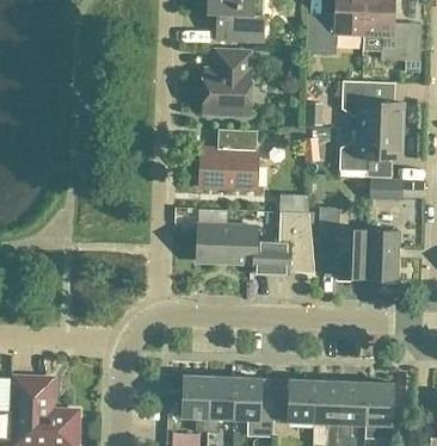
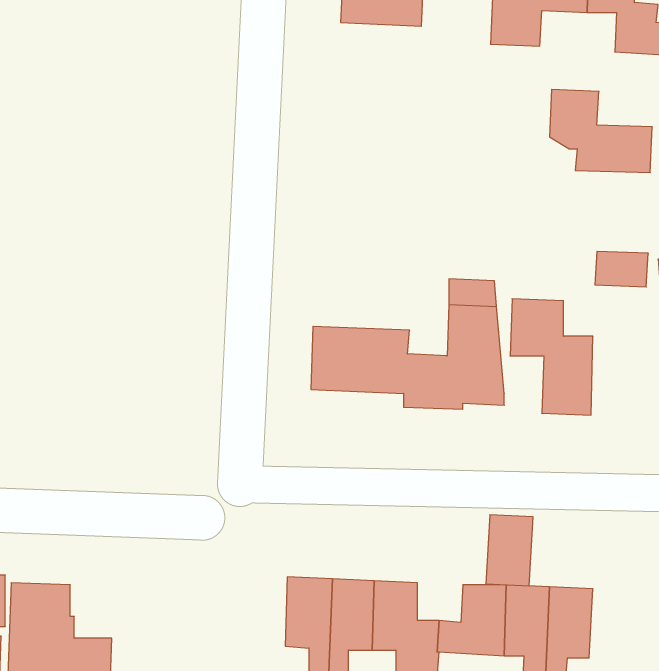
building: [203,51,252,116] -> none
building: [199,129,258,190] -> none
building: [339,130,402,172] -> none
building: [367,230,398,279] -> none
building: [365,383,394,426] -> [486,515,533,586]

